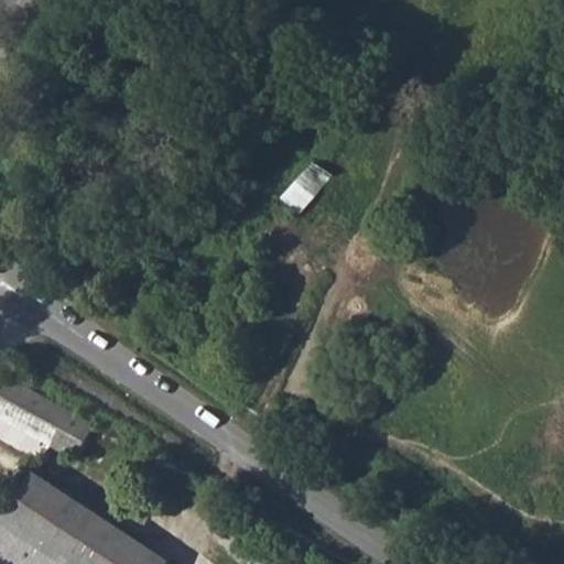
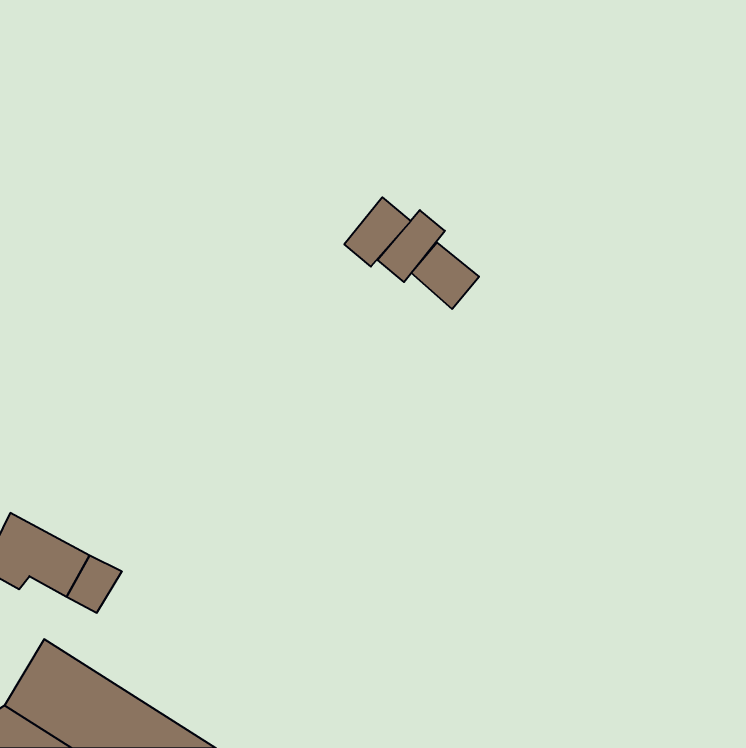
building: none -> [344,197,411,267]
building: none -> [411,243,479,309]

